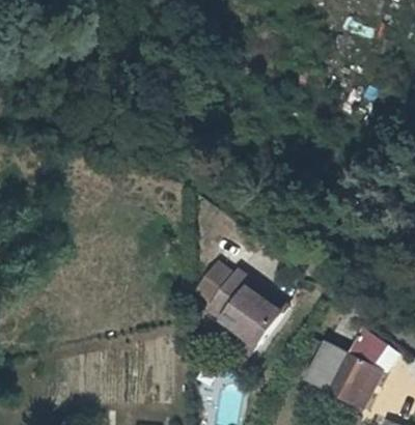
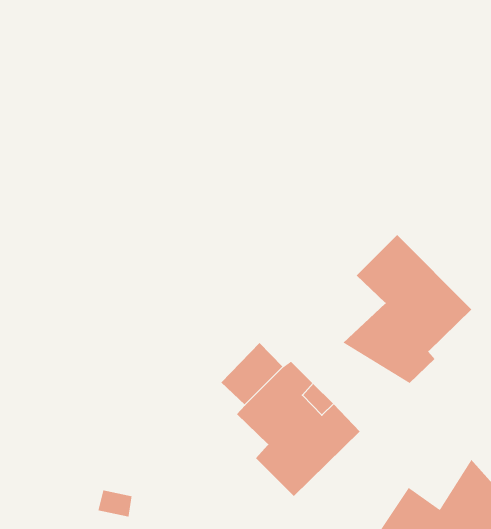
building: none -> [343,234,472,384]

